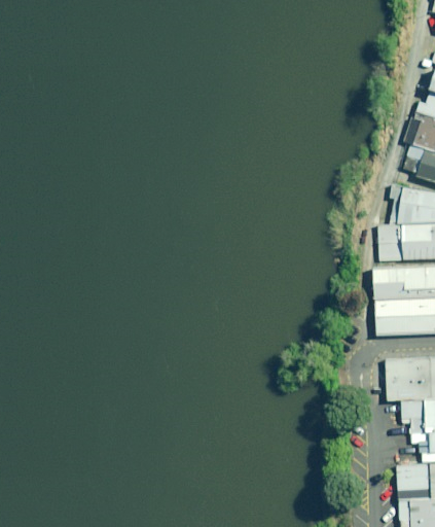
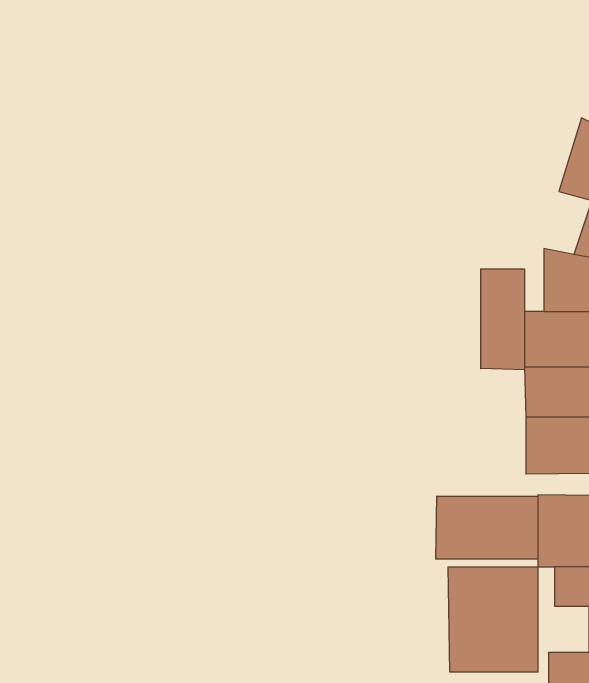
building: none -> [481,269,524,370]
building: none -> [436,496,538,559]
building: none -> [448,567,538,672]

